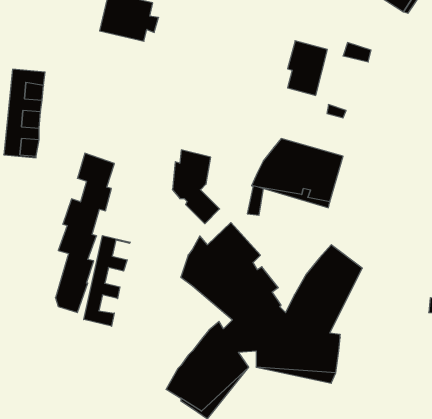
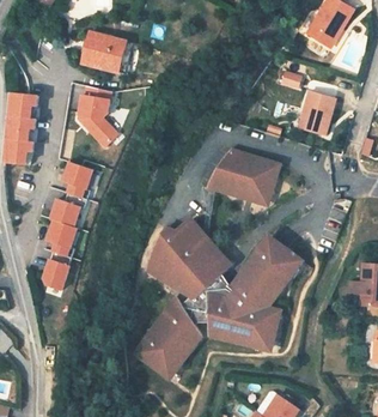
building: [288,41,327,95] -> [304,91,336,135]
building: [172,150,220,224] -> [79,86,117,146]
building: [84,236,130,326] -> none

